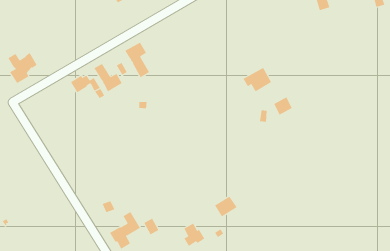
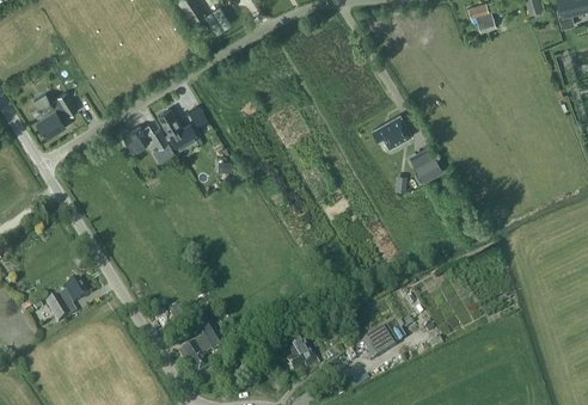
building: [124,42,150,78] -> none
building: none -> [45,276,87,321]
building: [214,196,237,217] -> [362,326,396,357]

